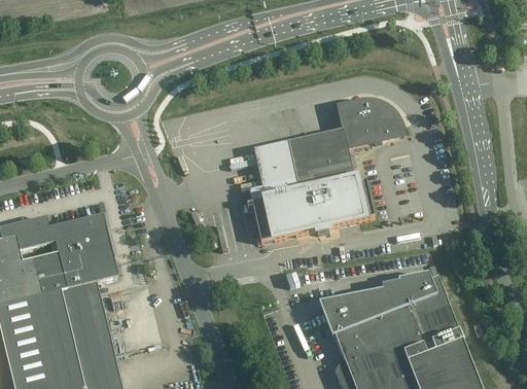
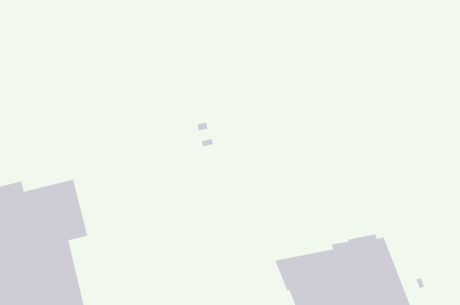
building: [246,100,403,241] -> none

